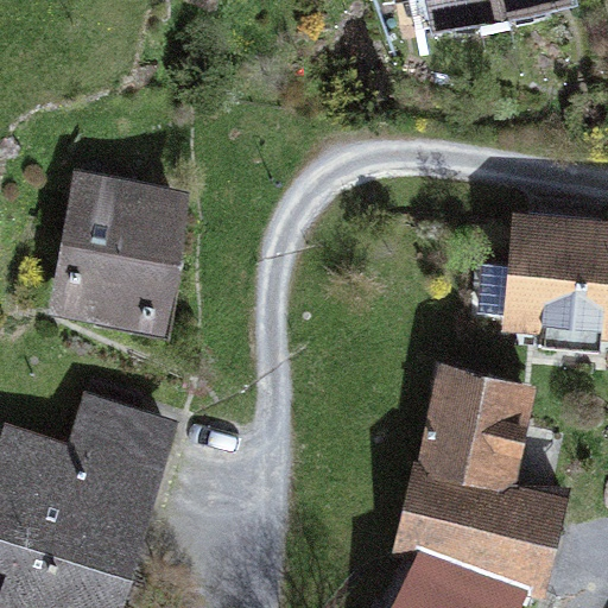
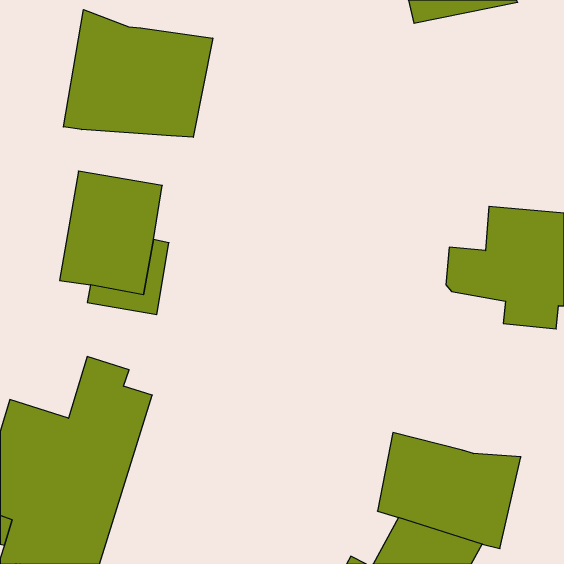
building: none -> [63,10,213,137]
building: [423,365,532,488] -> none

